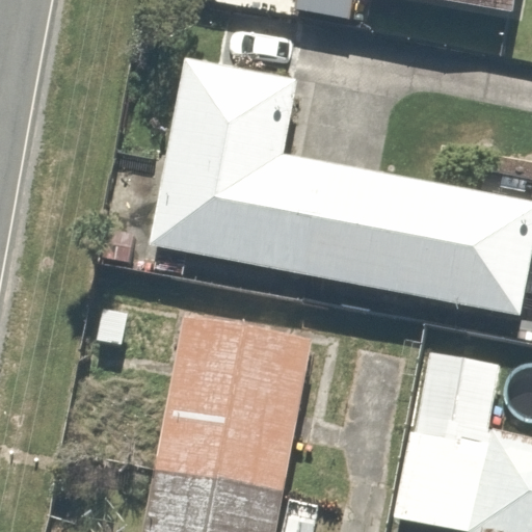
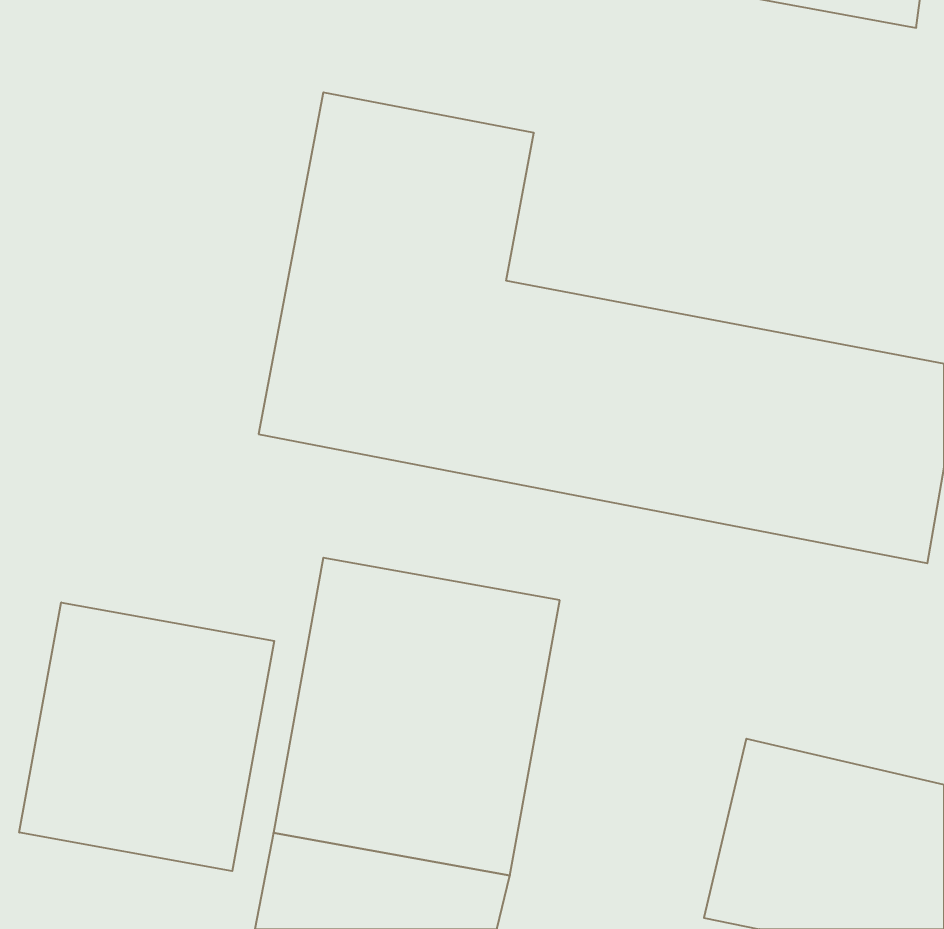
building: none -> [19,602,274,871]

